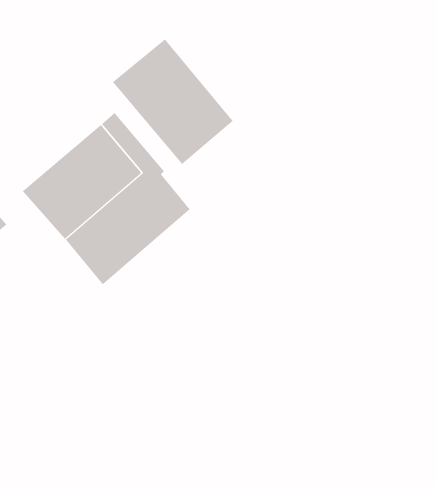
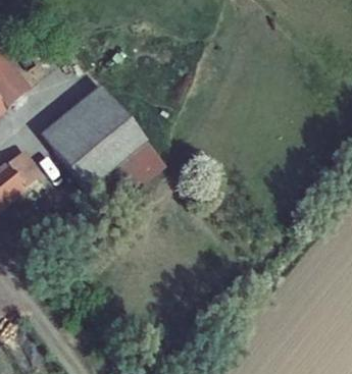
building: [112,39,233,165] -> none

